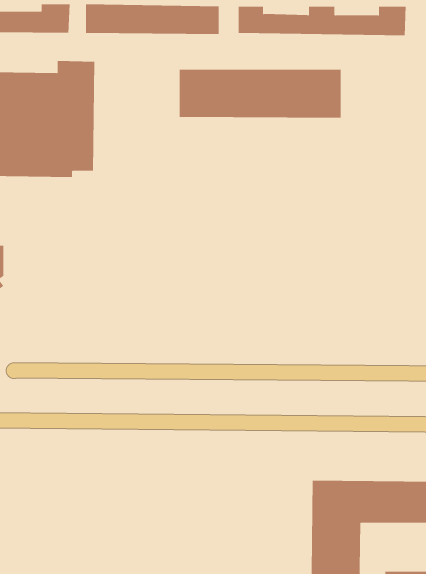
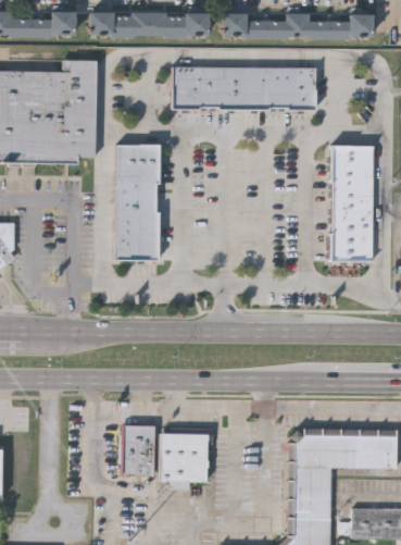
building: none -> [116,144,160,260]
building: none -> [331,145,375,260]
building: none -> [122,423,153,474]
building: none -> [160,432,208,488]

